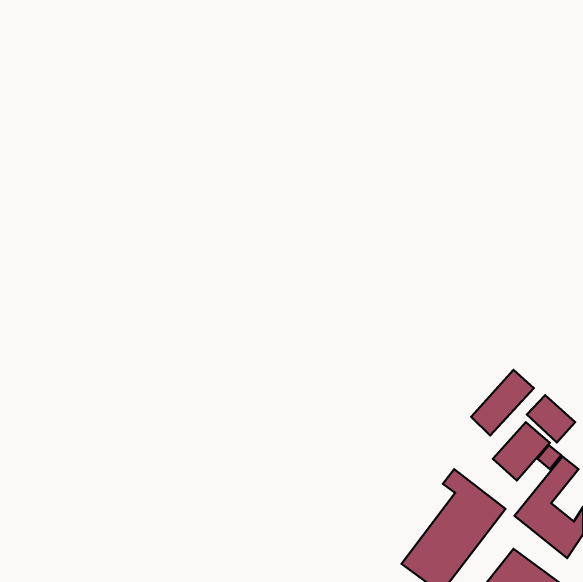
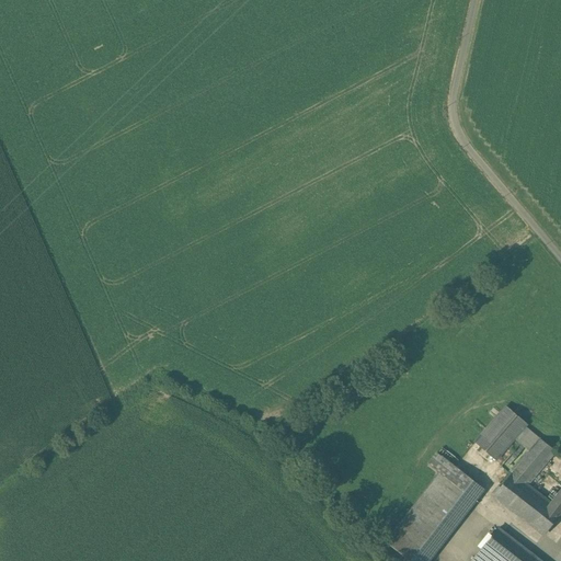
building: [471,370,534,436] -> none
building: [527,395,575,442] -> none

